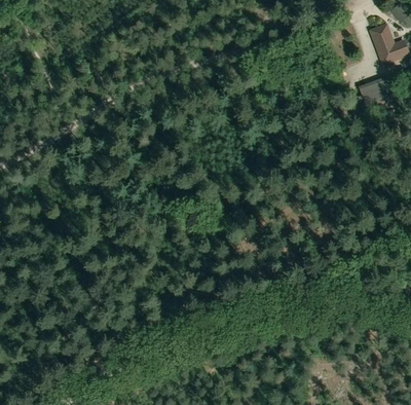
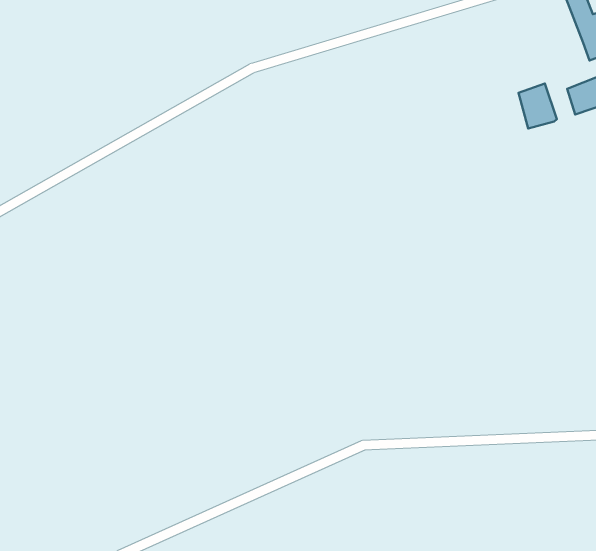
building: none -> [518,84,557,128]

